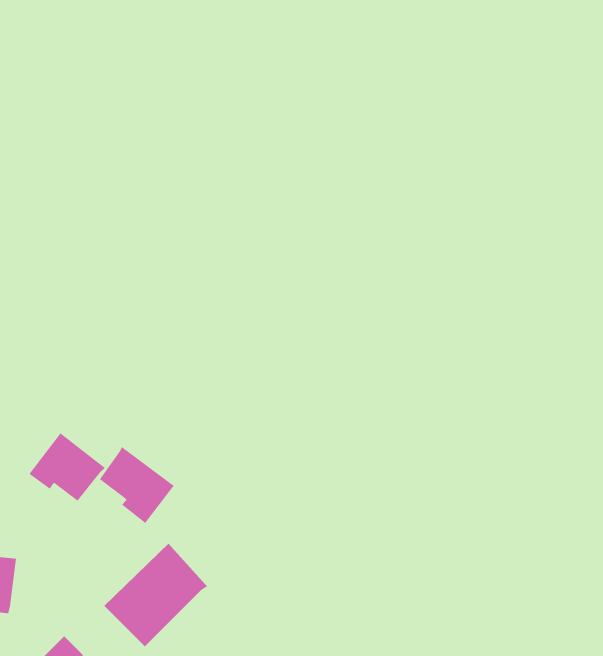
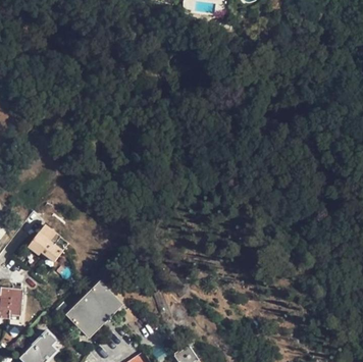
building: [99,446,174,524] -> none

